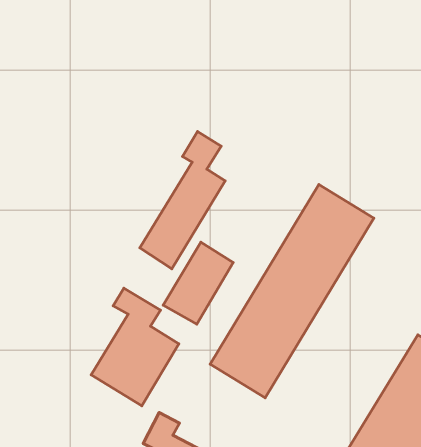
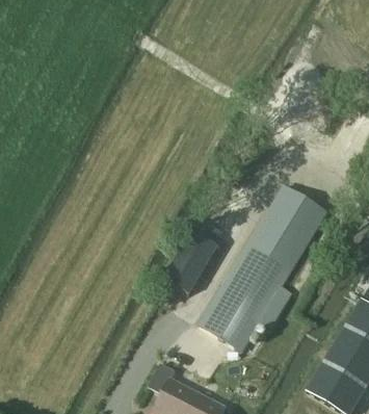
building: [140,132,225,269] -> none
building: [91,288,179,406] -> none

